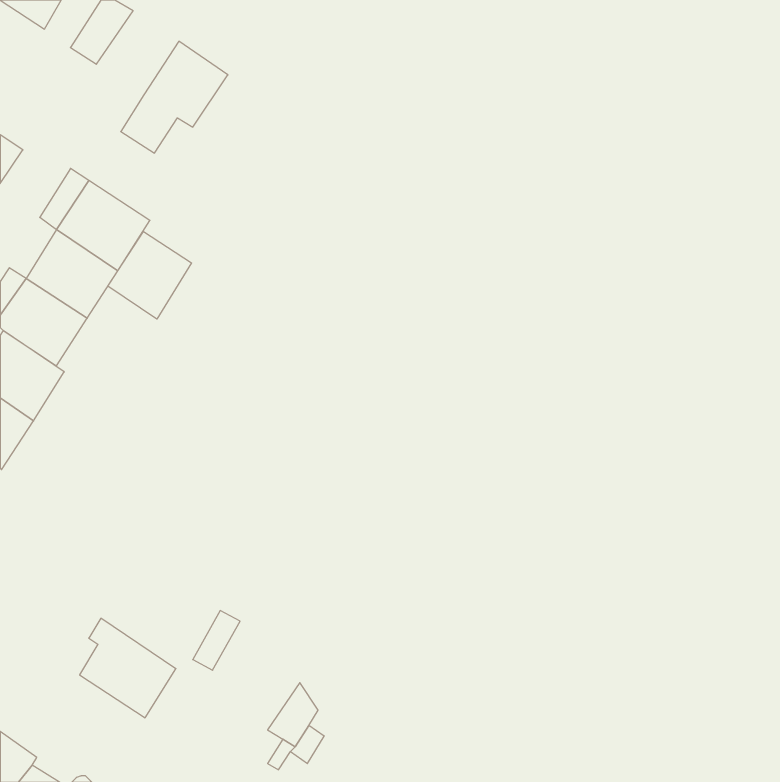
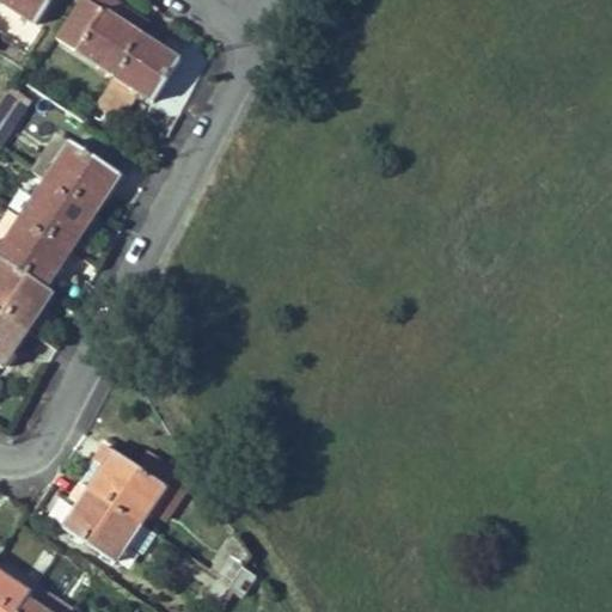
building: none -> [76,8,141,74]
building: [108,231,192,319] -> none
building: none -> [80,446,164,522]

